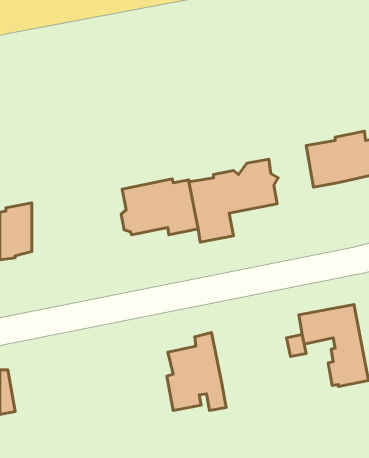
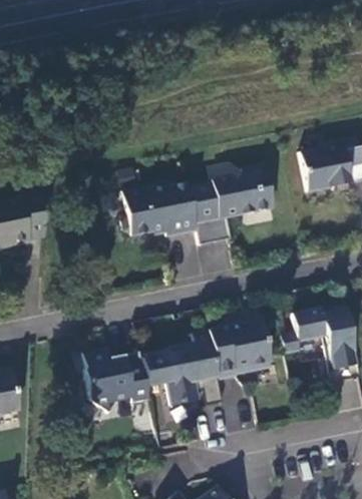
building: none -> [209,320,272,380]
building: none -> [83,349,149,414]

